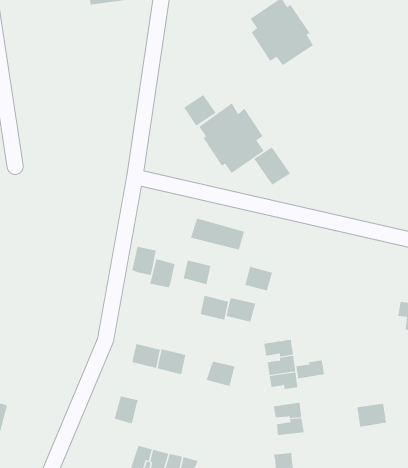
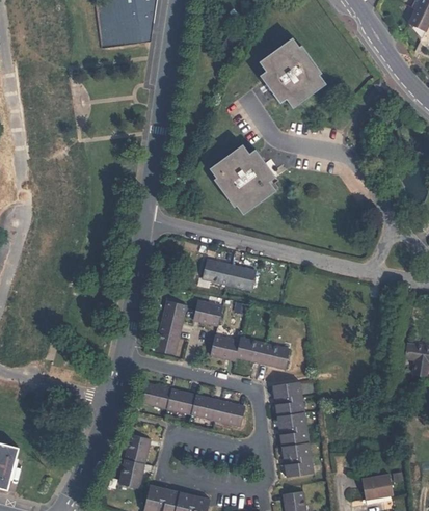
building: [183,94,216,127] -> none
building: [254,147,291,186] -> none
building: [132,246,157,276] -> [155,324,180,353]
building: [244,266,273,291] -> [261,344,289,369]
building: none -> [192,395,222,420]
building: [295,360,325,379] -> [280,427,310,446]
building: [356,403,387,427] -> [364,475,394,499]
building: none -> [118,458,143,488]

